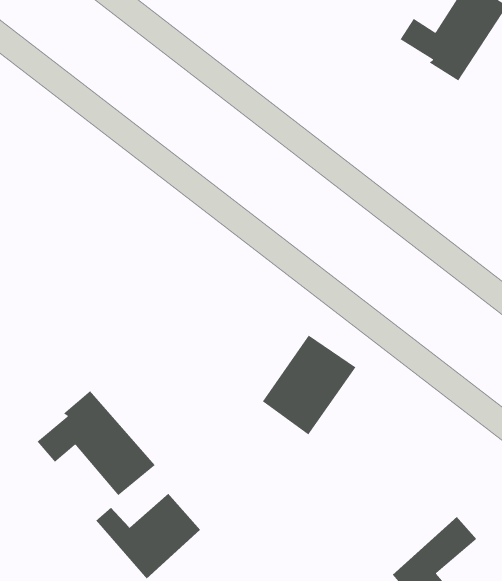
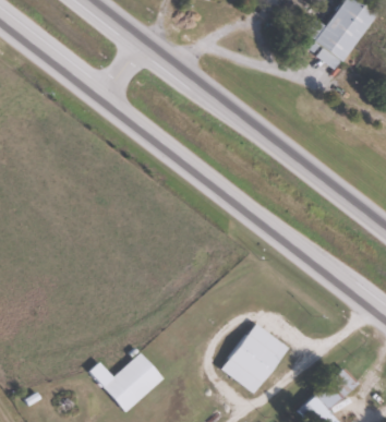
building: [262,335,357,436] -> [220,324,287,395]
building: [36,390,156,496] -> none

